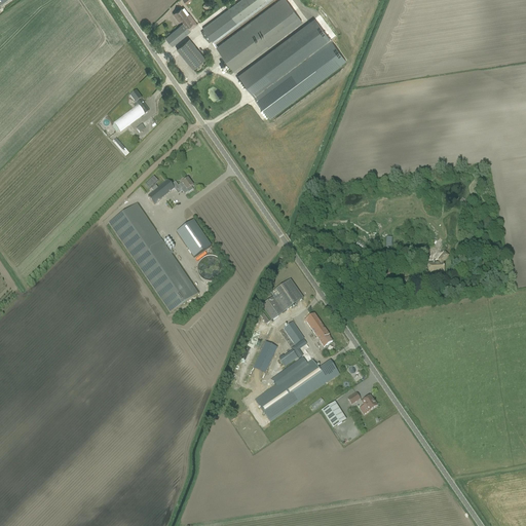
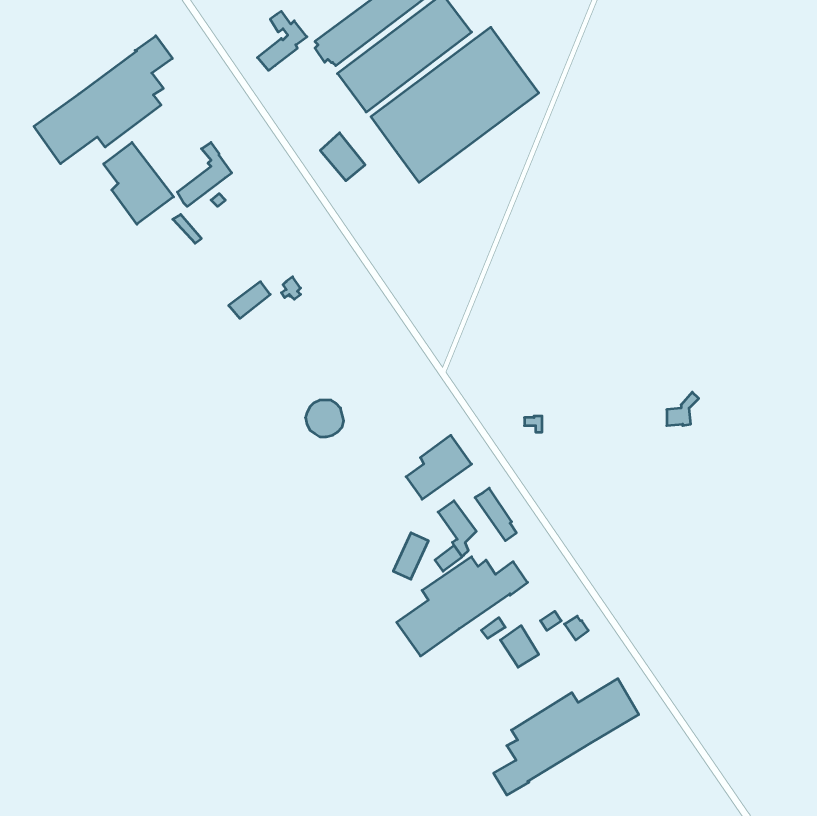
building: none -> [34,36,172,164]
building: [177,37,205,68] -> [320,133,365,181]
building: none -> [104,142,174,224]
building: [109,203,198,312] -> none
building: [176,221,211,258] -> none
building: none -> [494,679,639,795]

